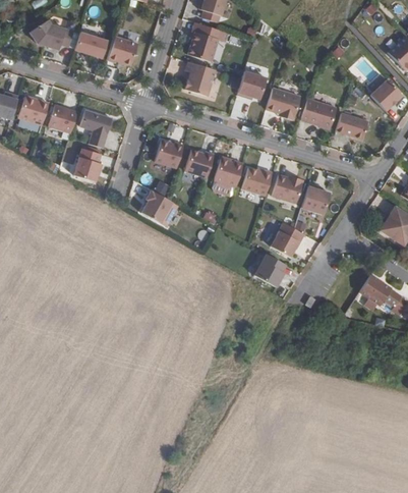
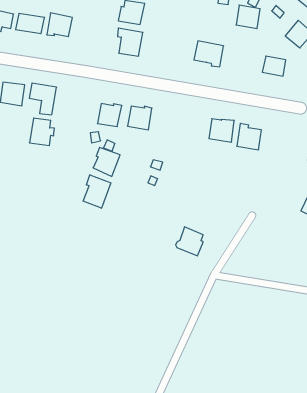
building: [238,69,267,98] -> none
building: [306,99,335,127] -> [236,5,260,29]
building: [212,158,242,185] -> none
building: [240,166,271,196] -> none
building: none -> [83,175,111,208]
building: [268,222,301,256] -> none
building: [252,254,284,287] -> [176,227,203,256]

